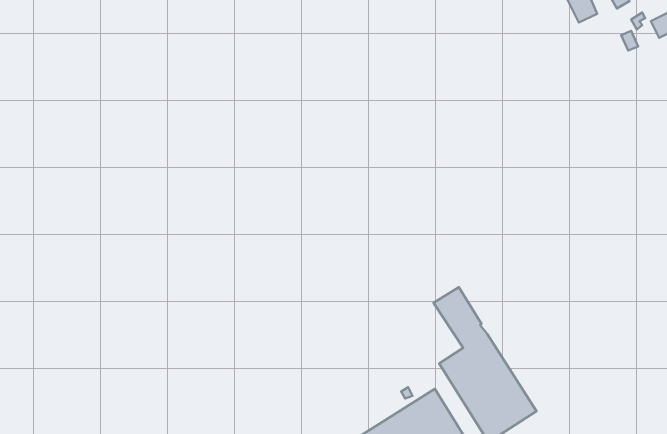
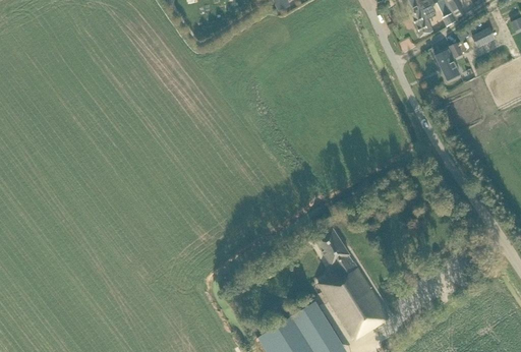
building: none -> [436,49,461,80]

